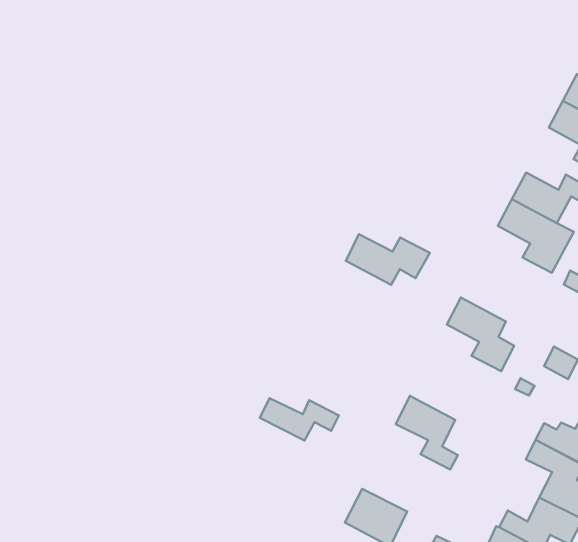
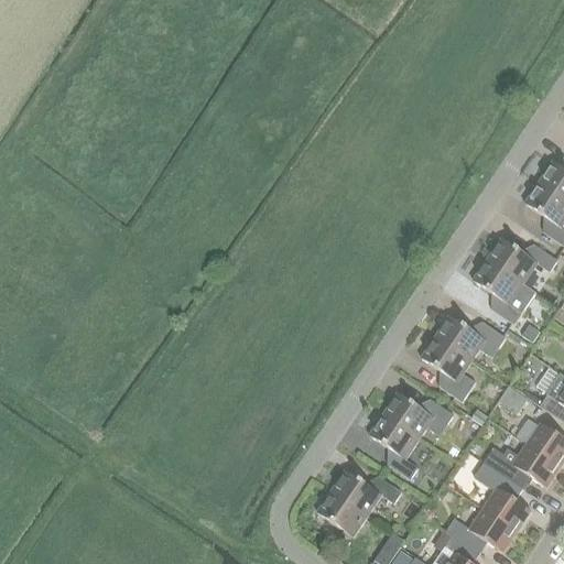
building: [346,234,430,285] -> [435,314,506,359]
building: none -> [383,391,453,436]
building: [260,398,339,441] -> [335,469,401,508]

